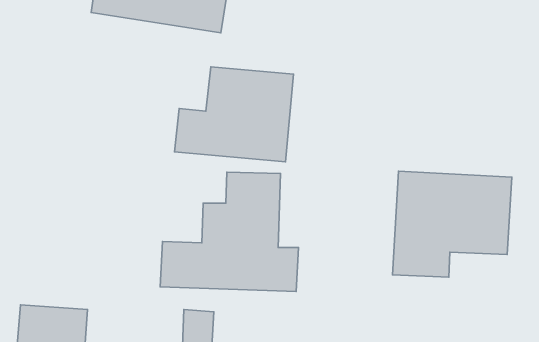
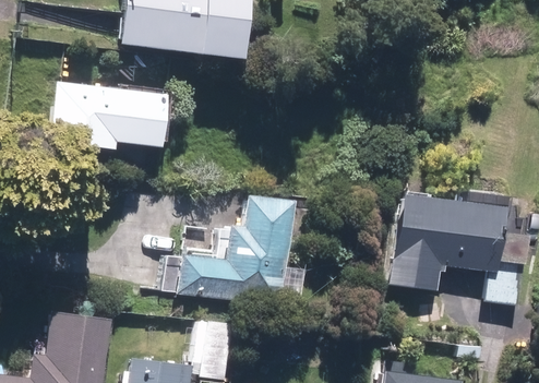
building: none -> [51,77,173,153]
building: [175,67,294,162] -> none

